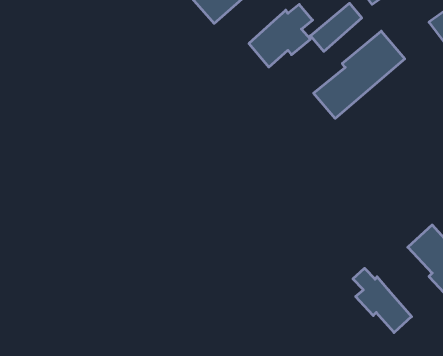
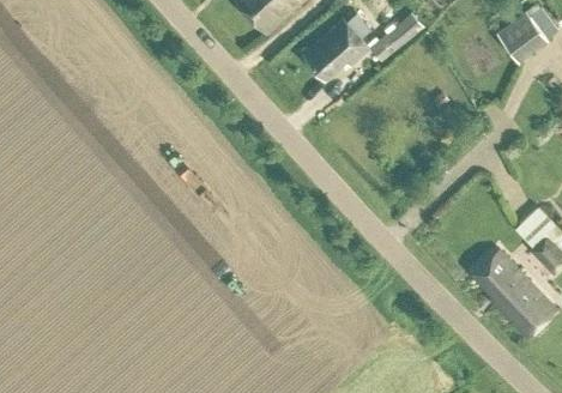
building: [314,31,405,118] -> none
building: [353,268,412,333] -> none

